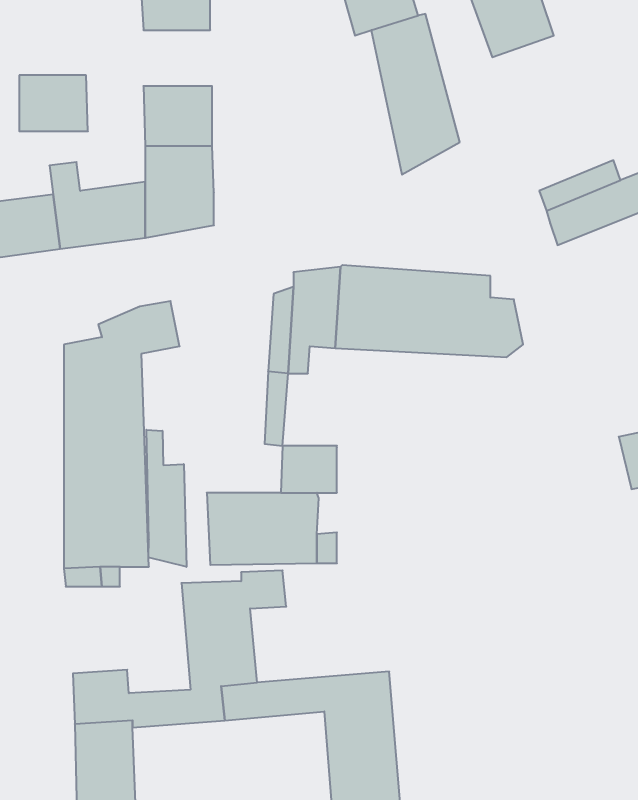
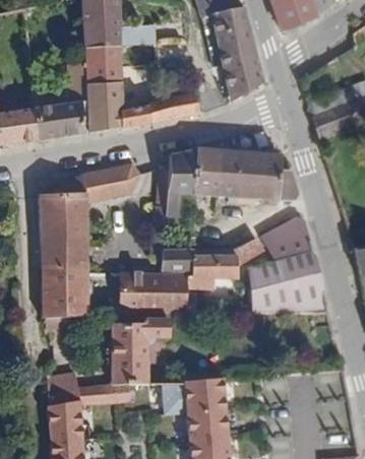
building: [19,75,88,131] -> [85,17,124,49]
building: none -> [125,90,201,127]
building: none -> [101,163,142,195]
building: none -> [246,219,330,315]
building: none -> [183,241,261,288]
building: [146,430,186,567] -> none

